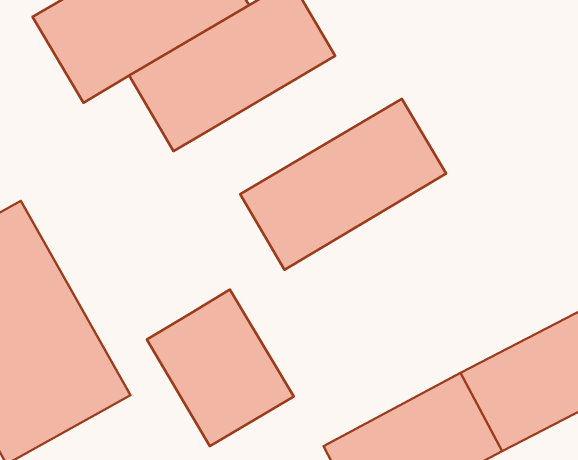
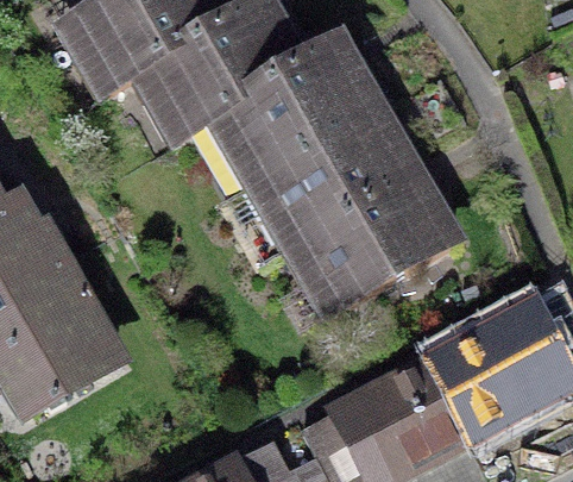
building: none -> [201,48,380,190]
building: none -> [273,171,467,338]
building: [147,290,294,446] -> none

